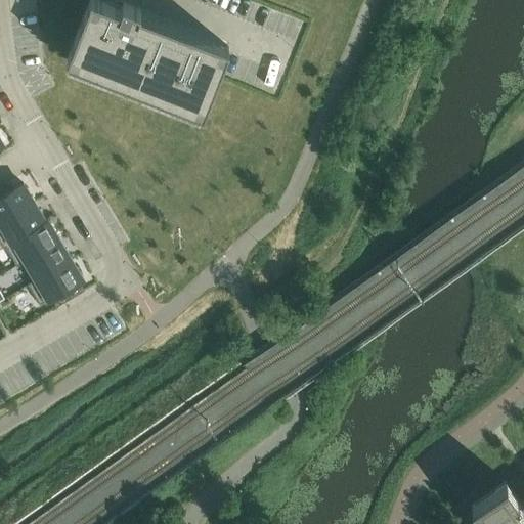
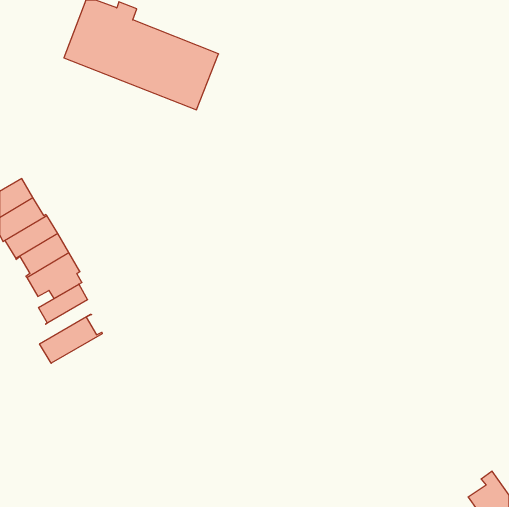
building: none -> [39,284,88,324]
building: none -> [40,314,102,363]

